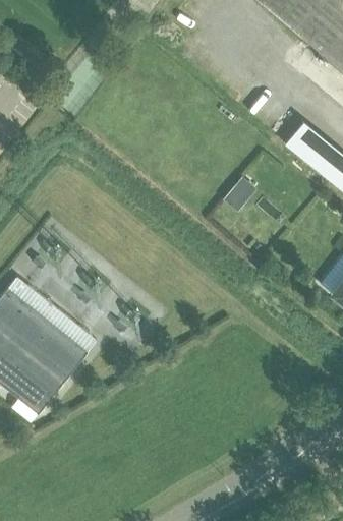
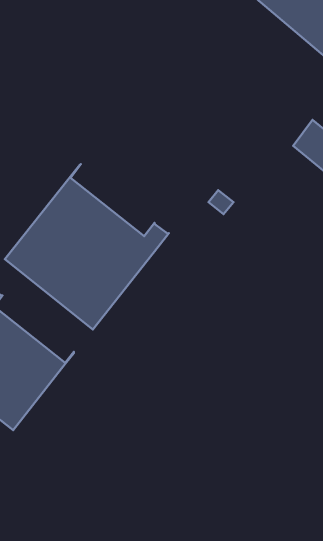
building: none -> [5,164,169,329]

